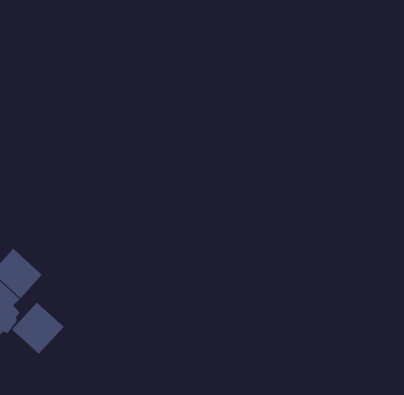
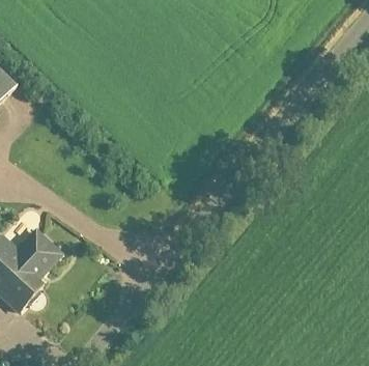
building: [11,302,64,354] -> none

